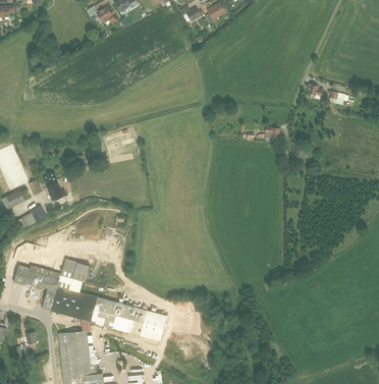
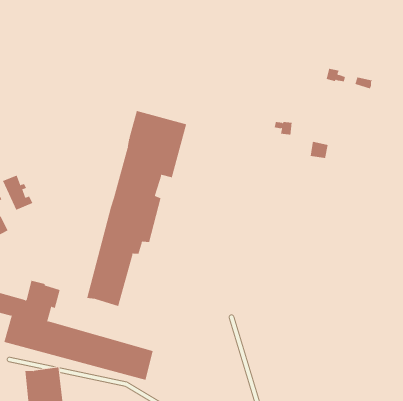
building: none -> [87,110,187,307]

